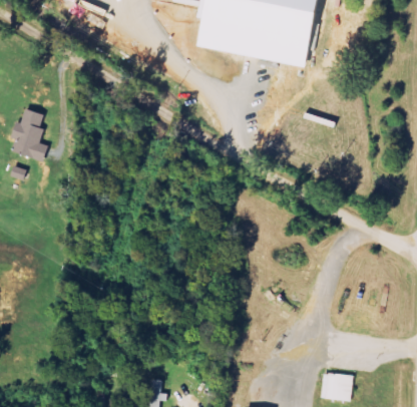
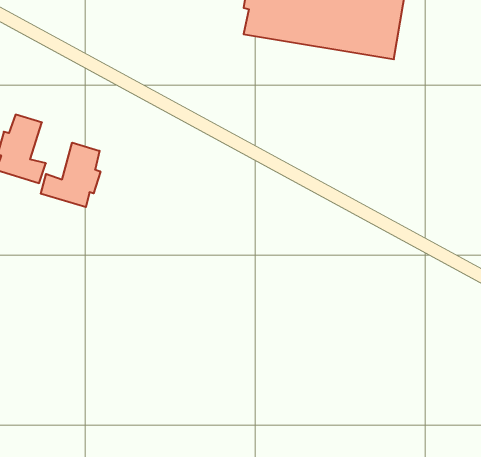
building: none -> [41,143,100,207]

